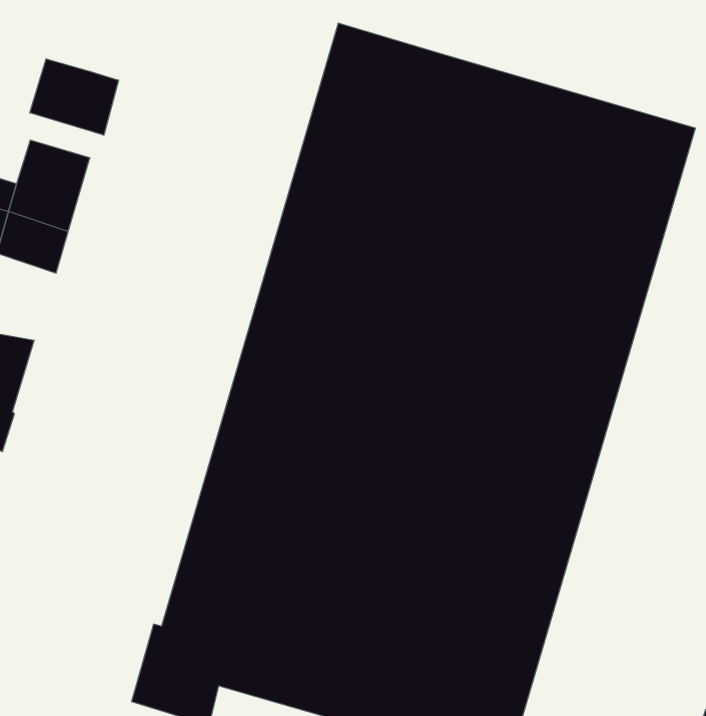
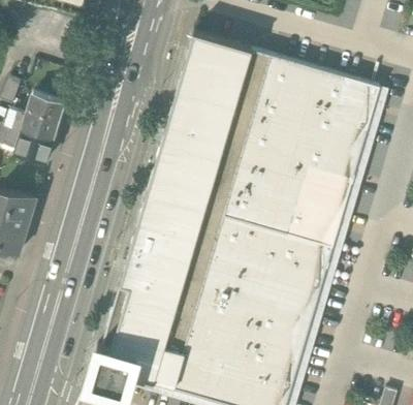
building: [30,59,118,135] -> none

